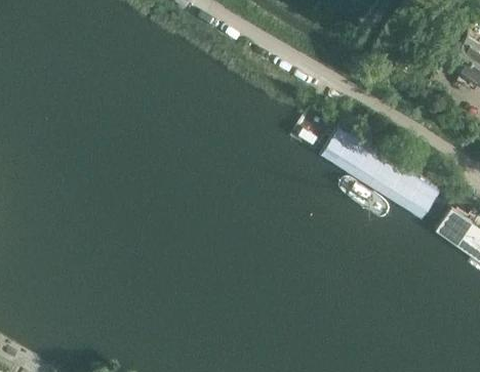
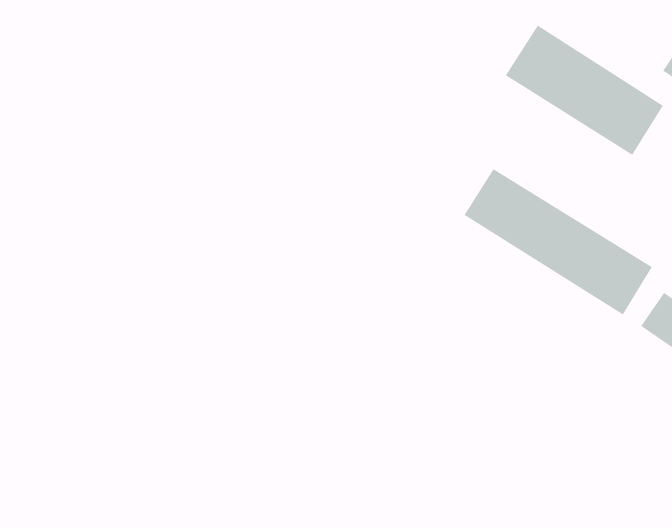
building: none -> [505,25,664,156]

